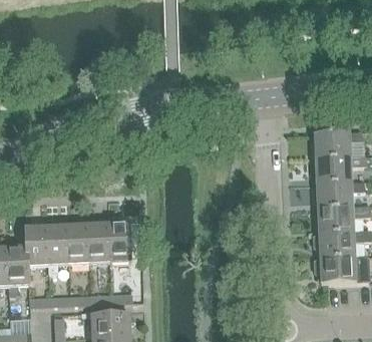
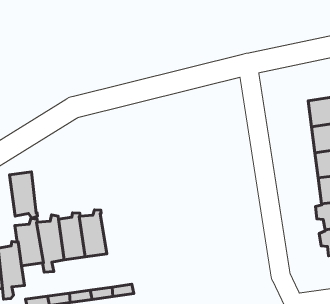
building: none -> [10,172,38,218]
building: [107,218,130,262] -> none

